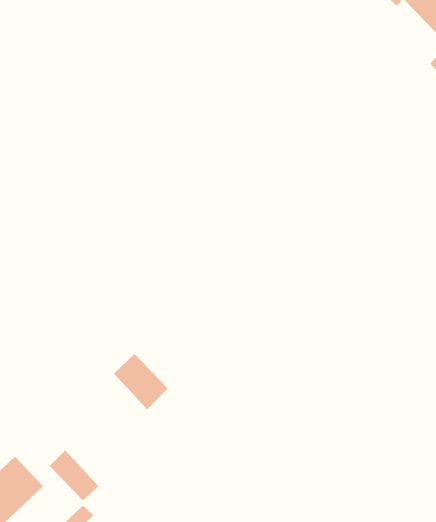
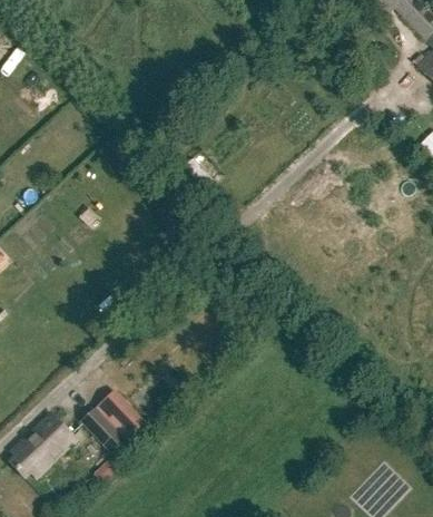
building: [113,353,169,410] -> [97,388,146,438]

